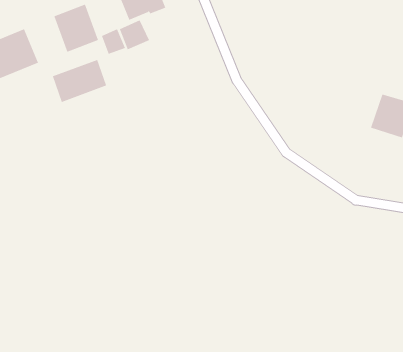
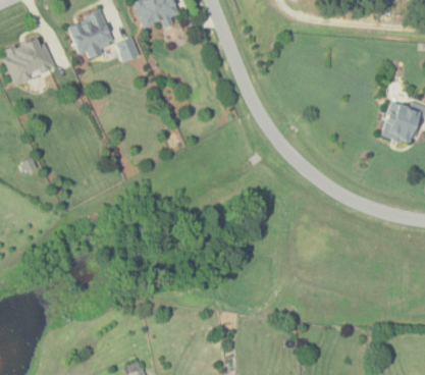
building: [119,19,150,50] -> none
building: [52,59,107,103] -> none

